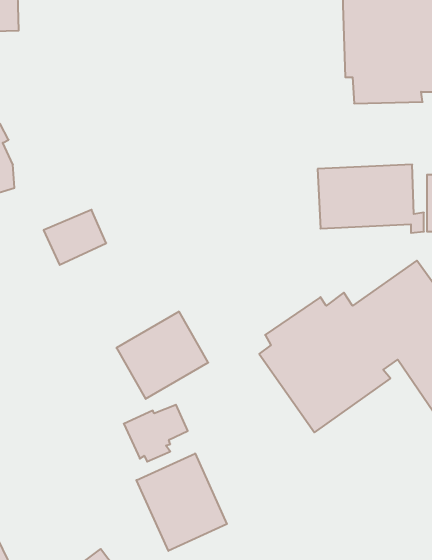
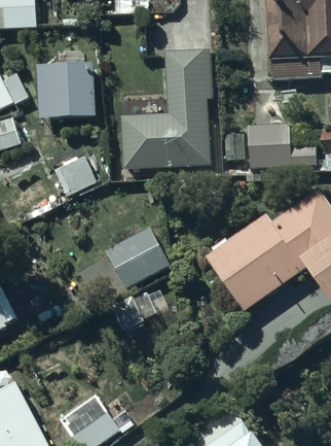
building: none -> [121,49,212,167]
building: none -> [37,63,94,116]
building: [136,453,227,551] -> none

